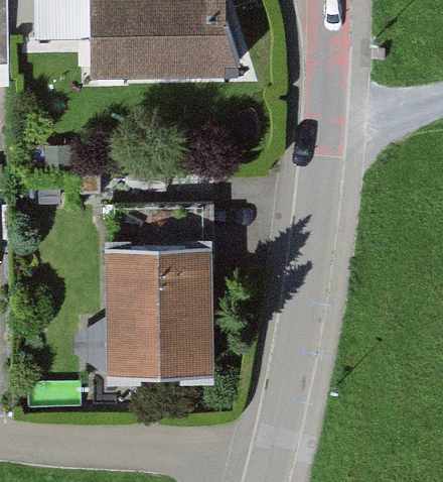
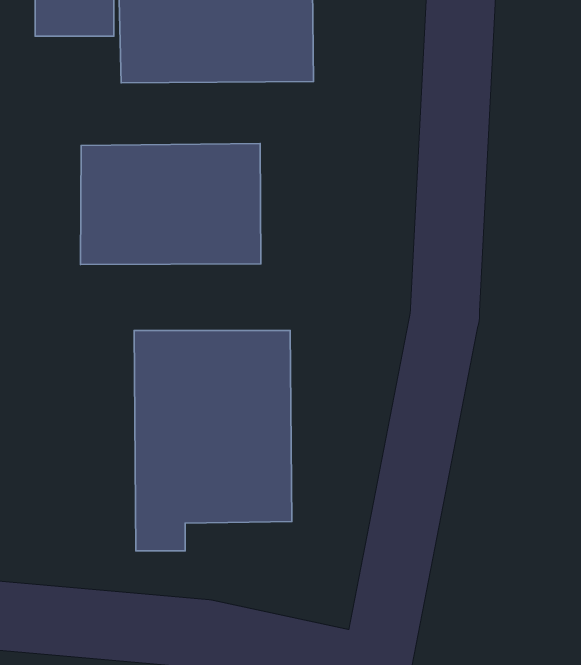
building: none -> [81,144,261,264]

